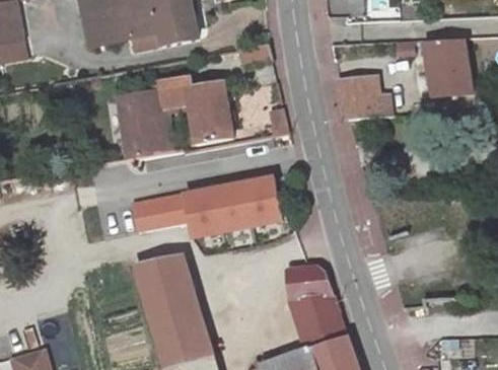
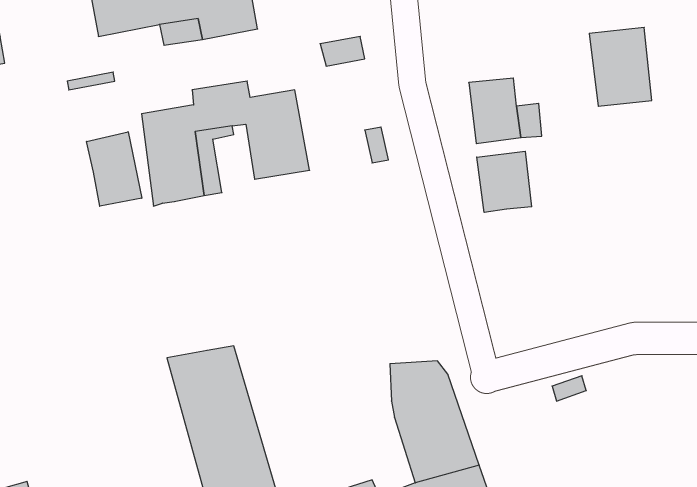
building: none -> [87,132,142,206]
building: none -> [477,151,532,212]
building: [132,176,281,235] -> none

